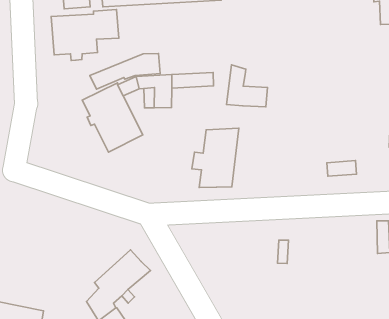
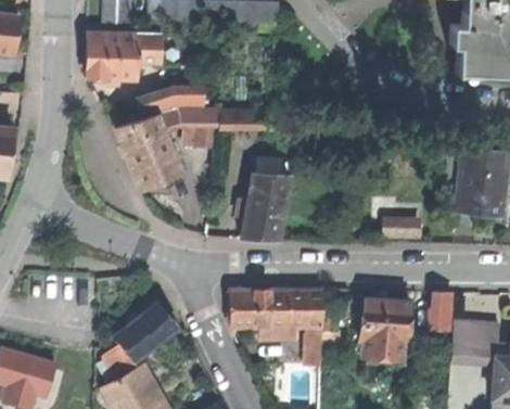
building: [227,65,267,107] -> none
building: none -> [228,289,322,366]
building: none -> [360,297,410,360]

